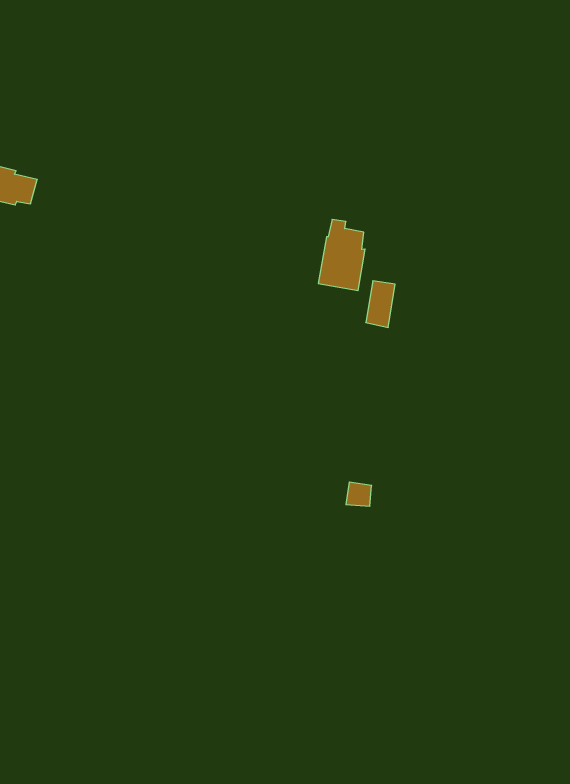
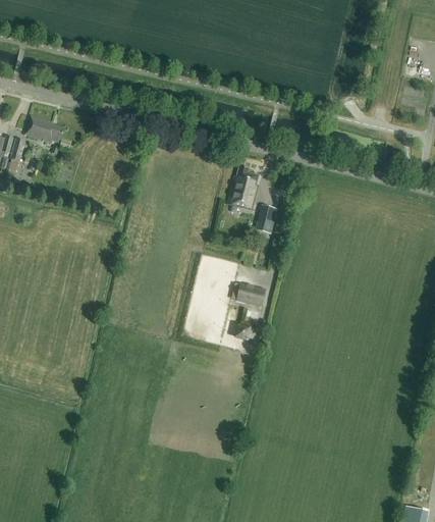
building: none -> [235,283,265,307]

